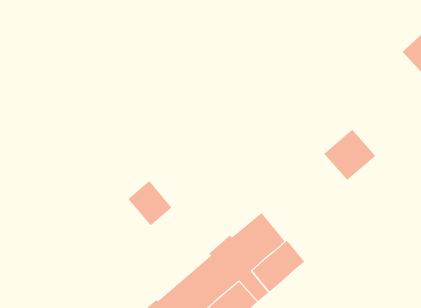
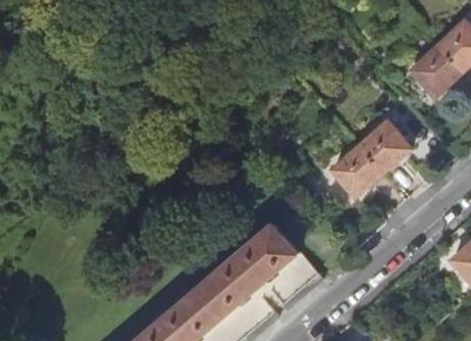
building: none -> [361,118,411,169]
building: [128,180,172,226] -> none

